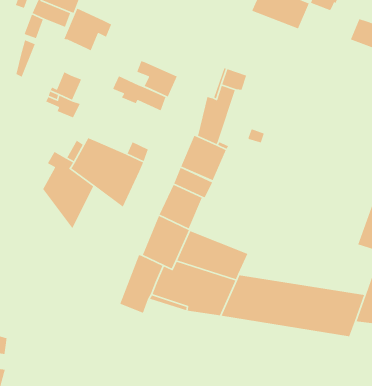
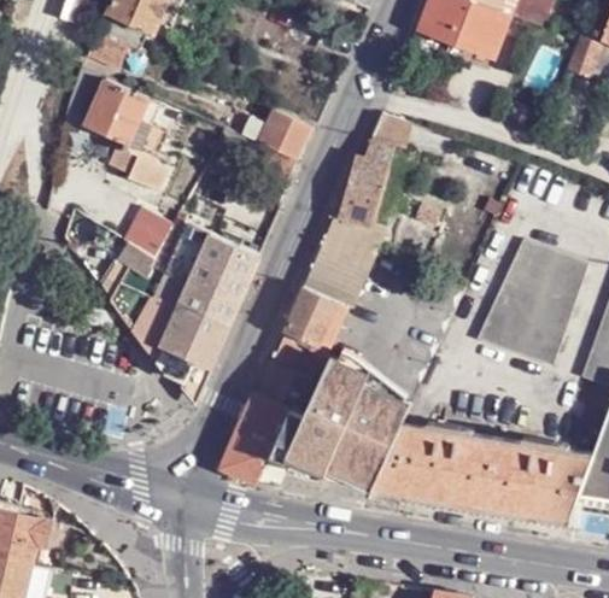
building: [63,7,112,52] -> [86,78,159,145]
building: none -> [491,242,587,367]
building: none -> [152,291,228,392]

